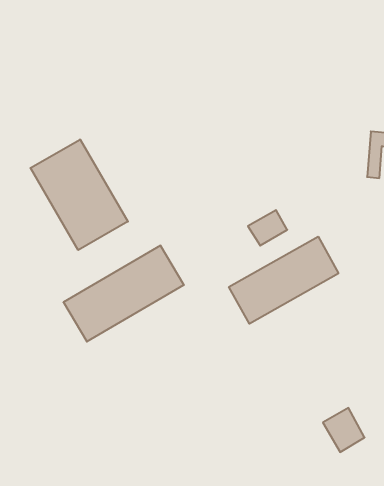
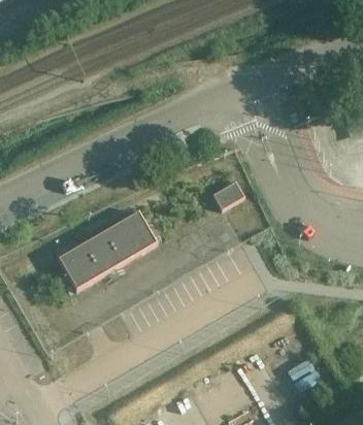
building: [30,139,128,250] -> none
building: [229,237,338,324] -> none

